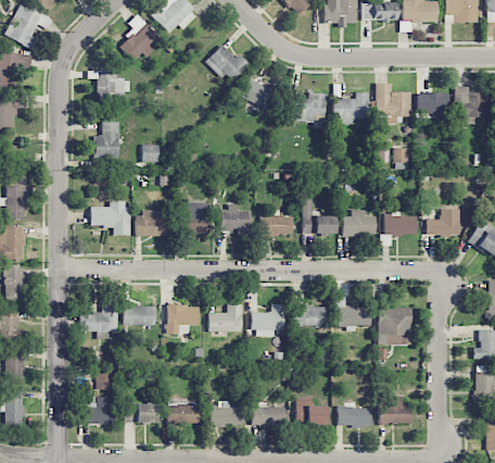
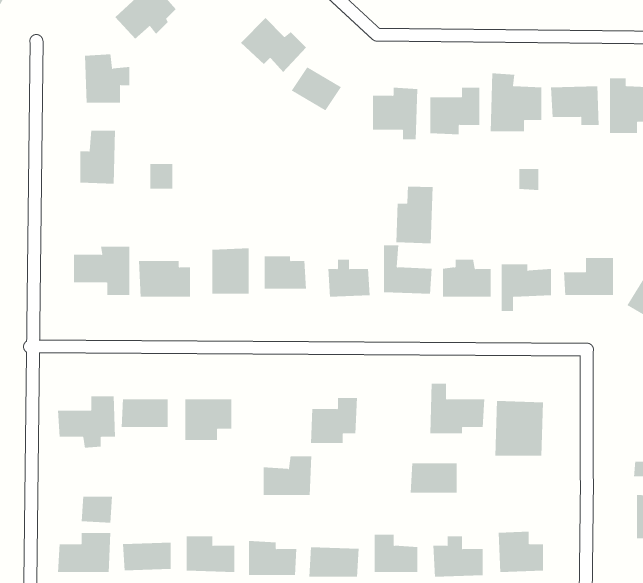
building: none -> [396,186,433,244]
building: [210,304,243,331] -> [263,456,312,496]
building: [294,305,327,326] -> [410,463,458,493]

